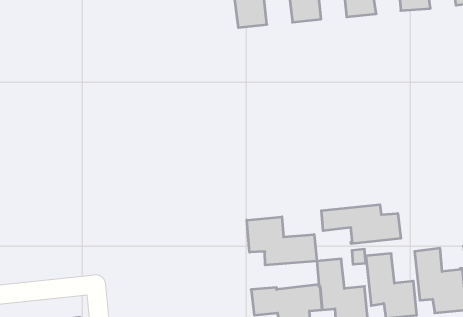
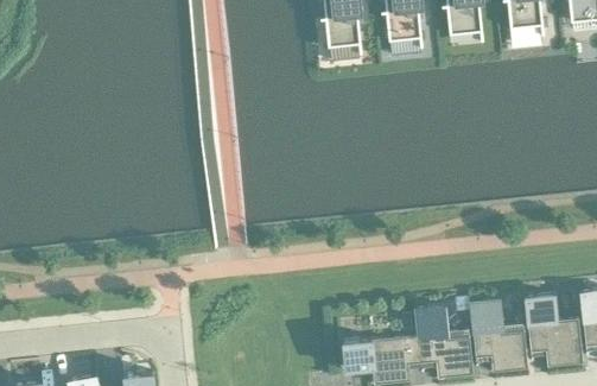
building: [321,205,401,244] -> none
building: [247,217,317,265] -> none

